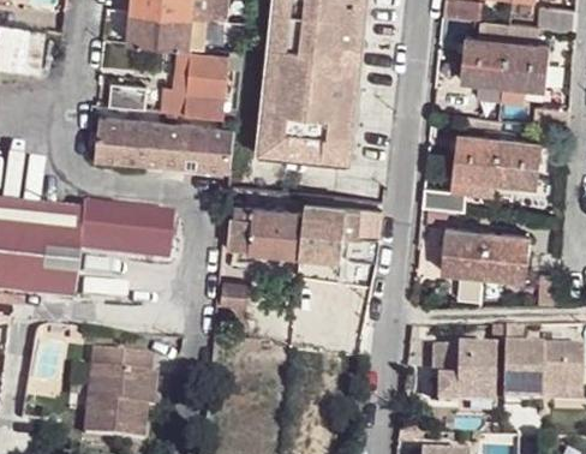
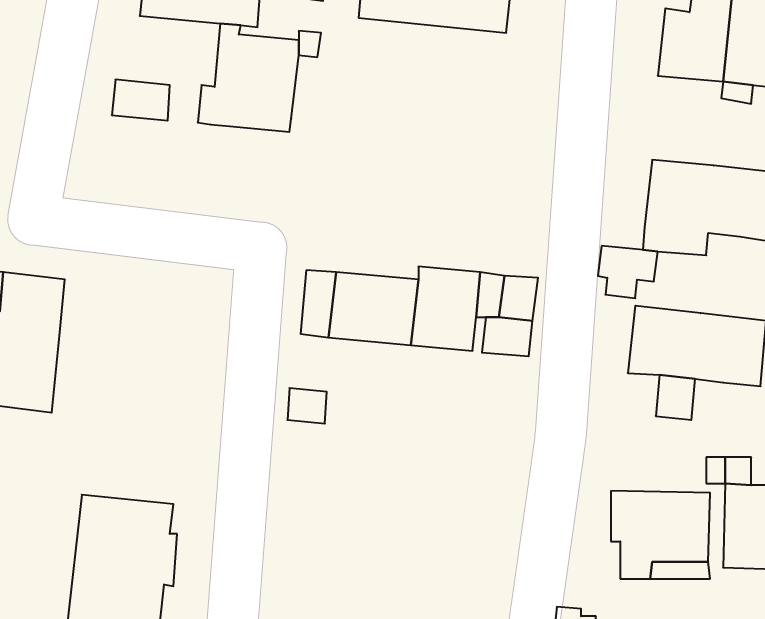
building: [256,43,363,162] -> none
building: [96,115,235,169] -> none
building: [76,204,171,256] -> none

